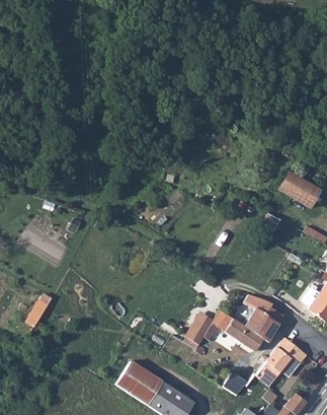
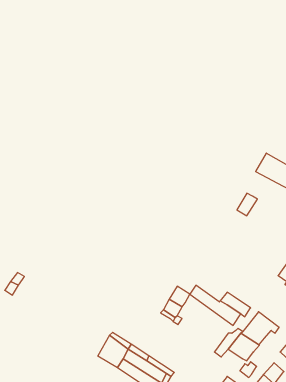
building: [246,295,284,334] -> none

